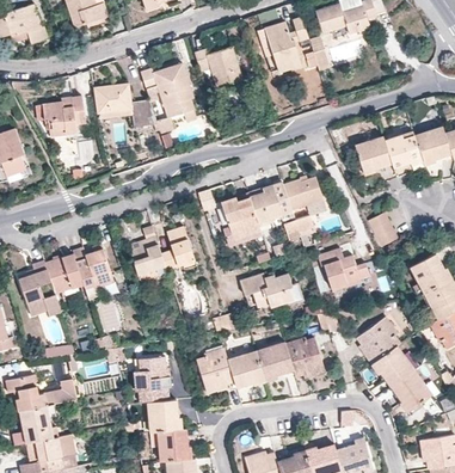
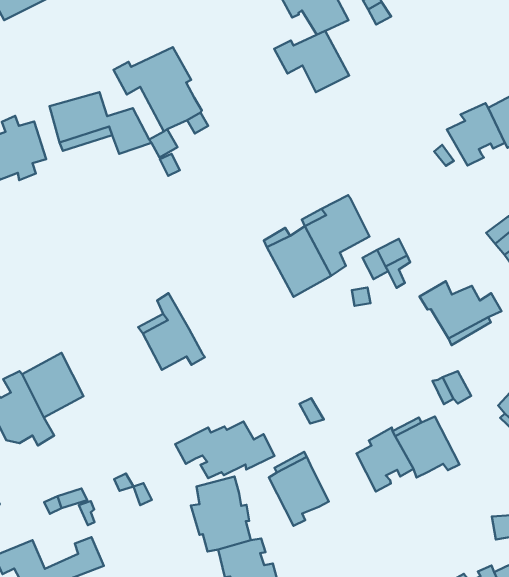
building: [195,48,241,87] -> [274,31,349,92]
building: [283,176,324,211] -> none
building: [161,226,197,270] -> none
building: [73,244,112,290] -> none
building: [240,274,305,307] -> [175,421,275,478]
building: [227,352,266,388] -> none

